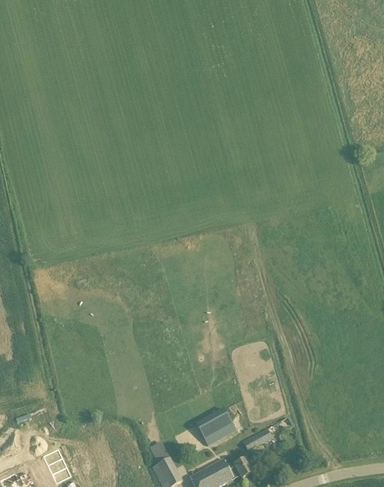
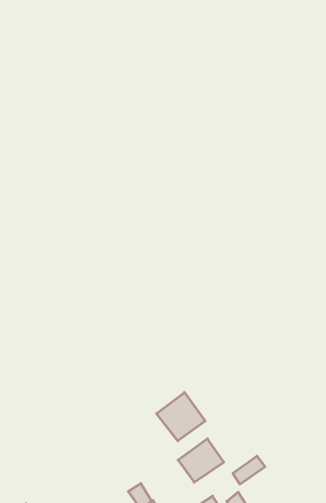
building: none -> [157,392,205,441]

